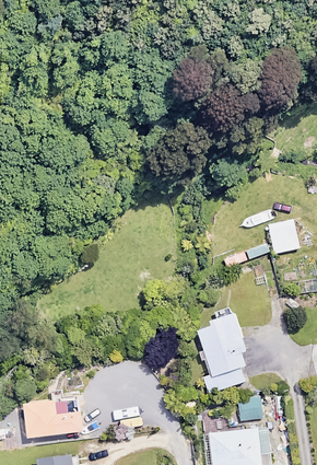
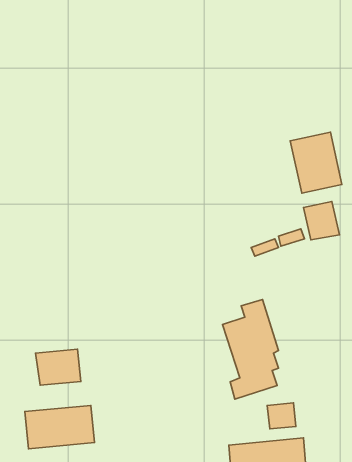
building: none -> [290,132,342,193]
building: none -> [35,349,81,385]

